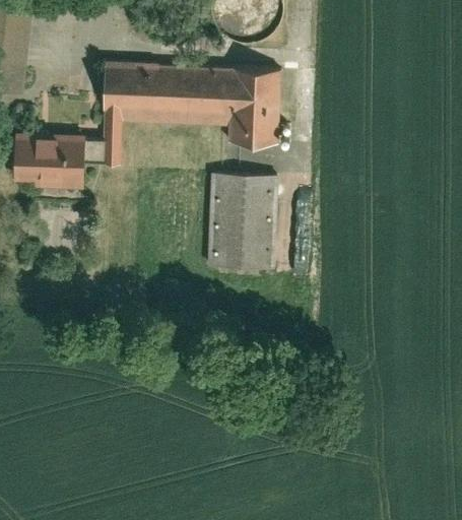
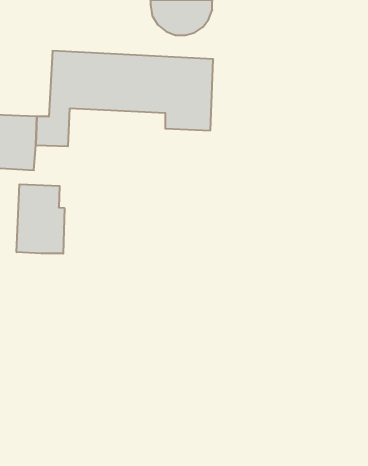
building: [206,175,275,268] -> none
building: none -> [17,184,64,254]

